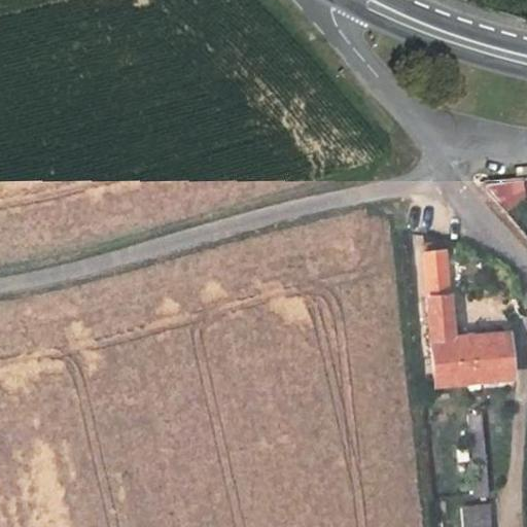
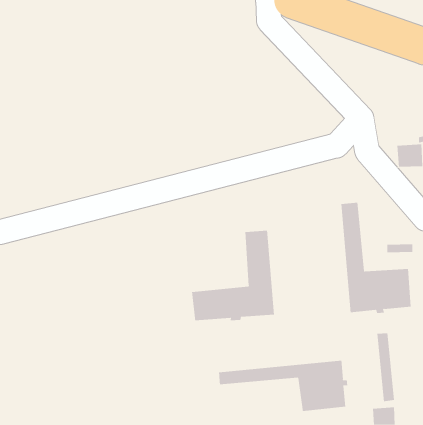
building: none -> [192,230,275,321]
building: none -> [218,360,348,412]

